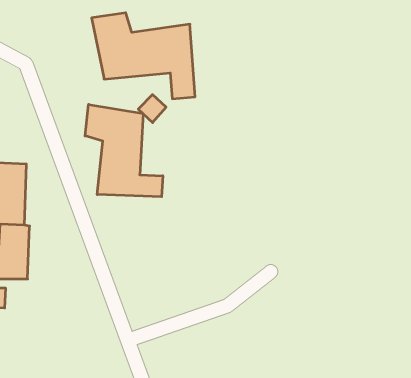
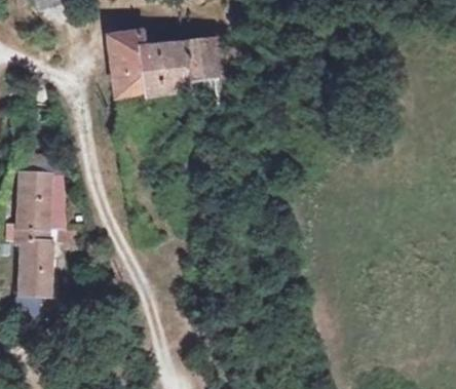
building: [85,104,163,197] -> none

